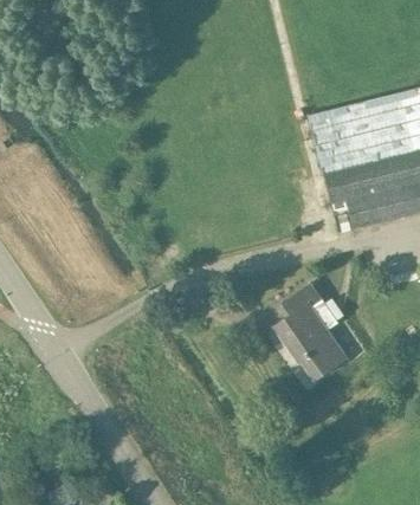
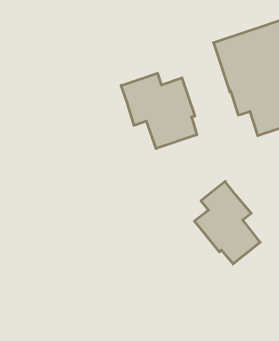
building: none -> [121,73,197,149]

